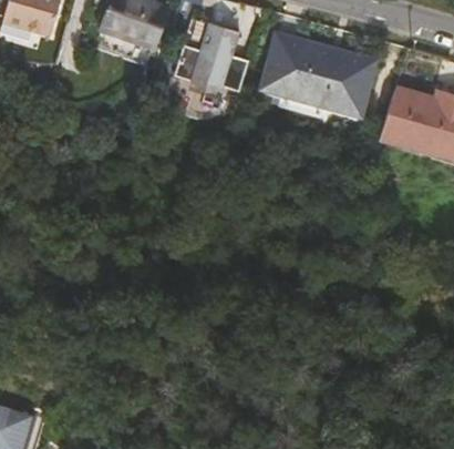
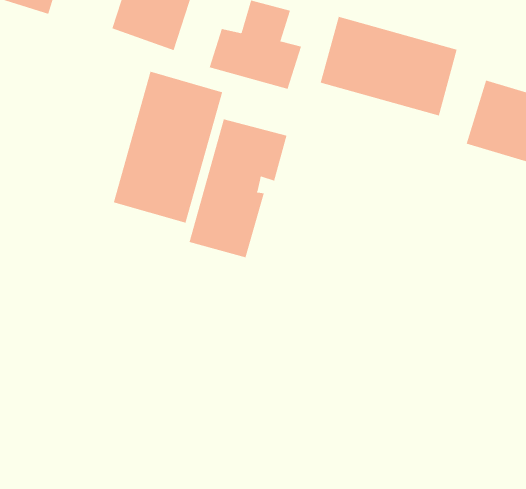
building: none -> [113,71,223,224]
building: none -> [189,119,287,258]

